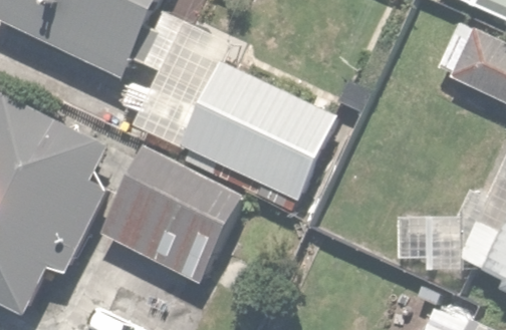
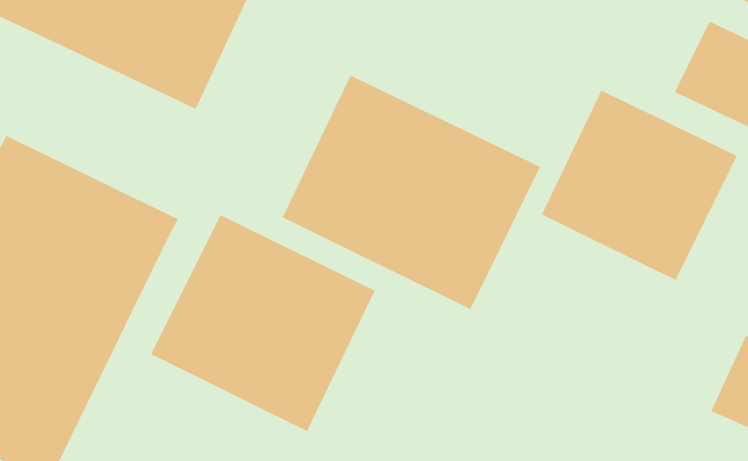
building: none -> [541,90,738,281]

